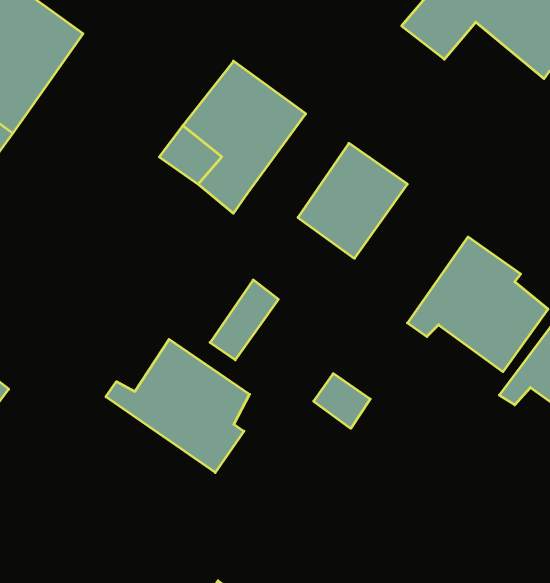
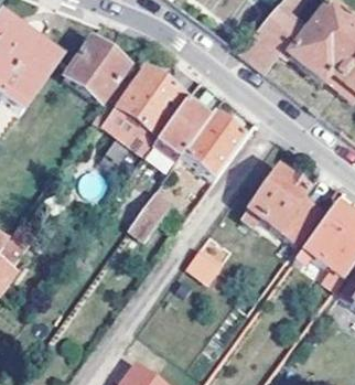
building: none -> [66,40,128,101]
building: none -> [154,98,212,161]
building: [106,339,250,473] -> none

